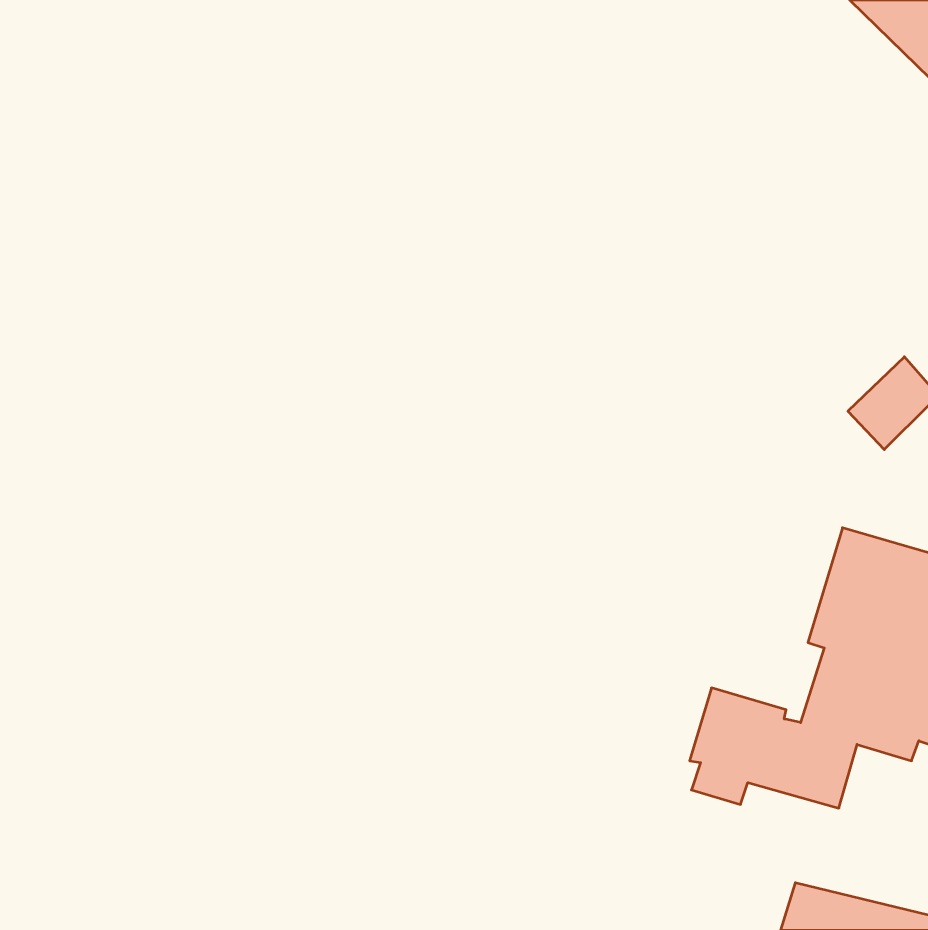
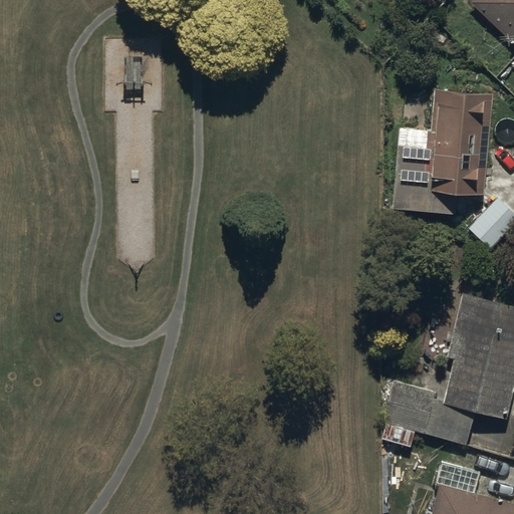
building: none -> [393,88,493,215]

